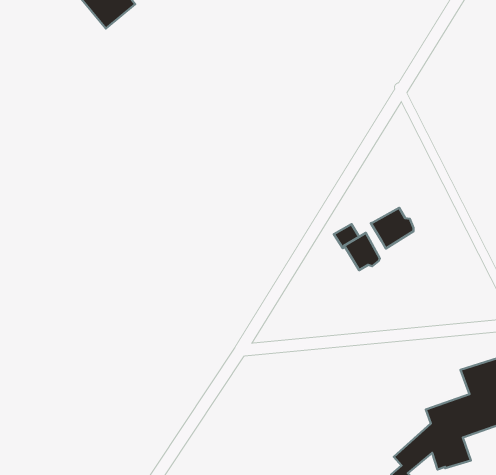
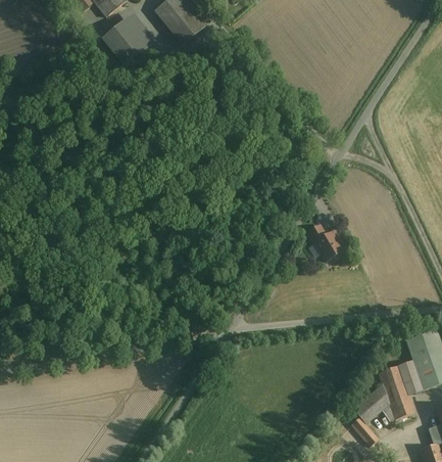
building: [371,208,414,249] -> none

